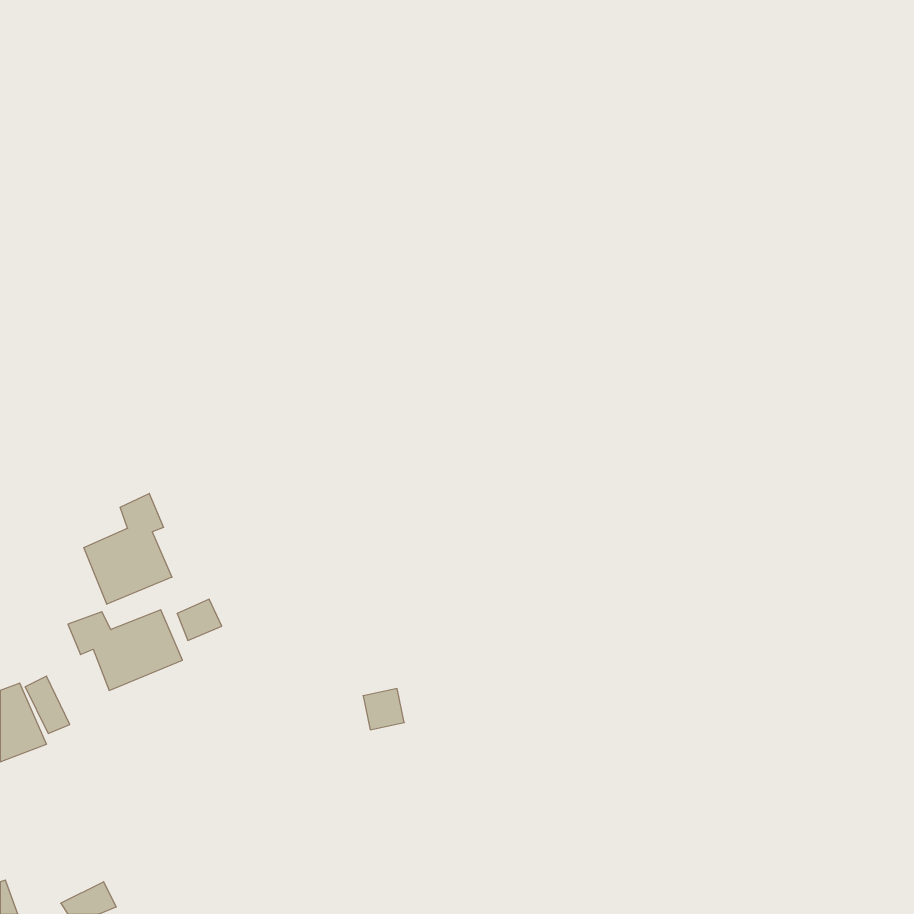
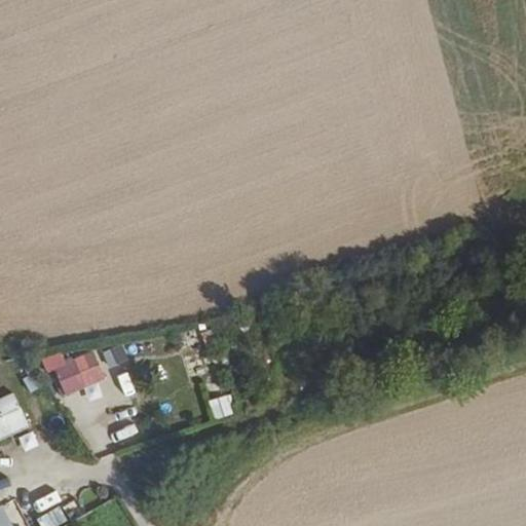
building: [84,493,172,604] -> none

